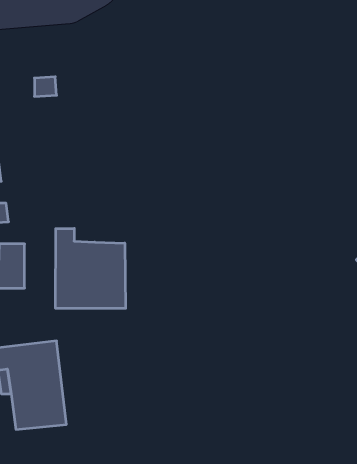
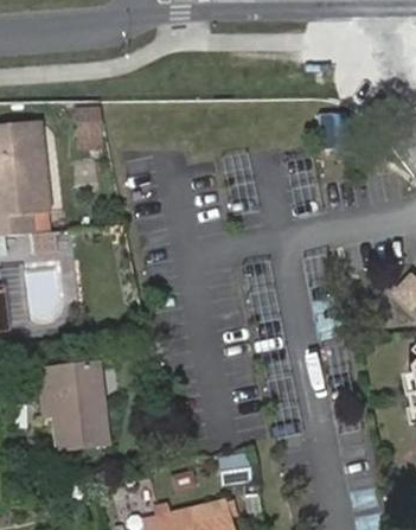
building: [56,228,126,308] -> none

